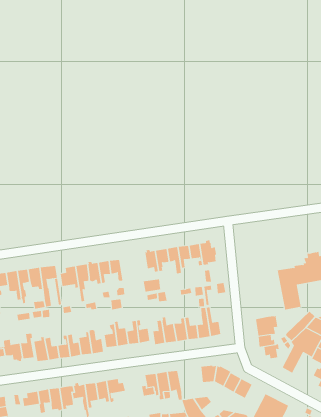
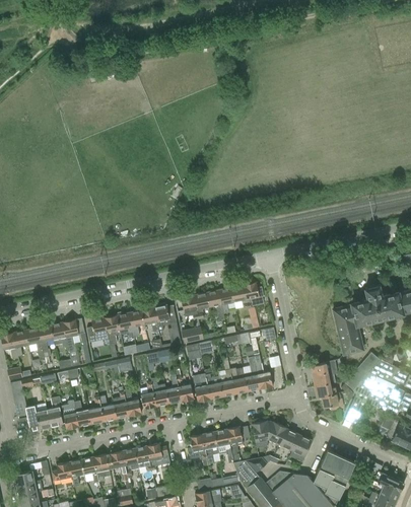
building: none -> [153,304,181,346]
building: none -> [226,426,250,462]

